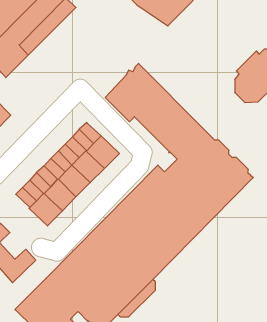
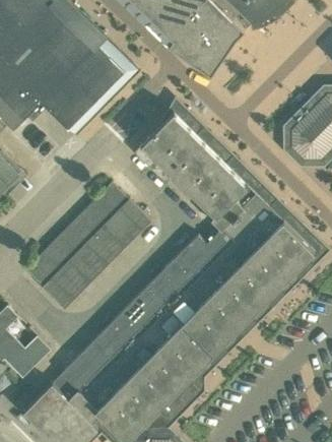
building: none -> [41,45,126,135]

